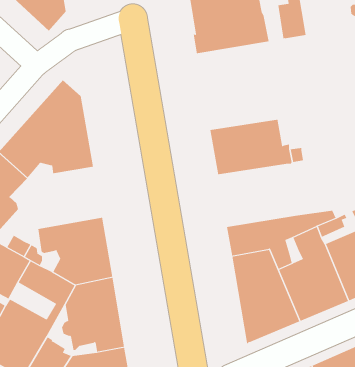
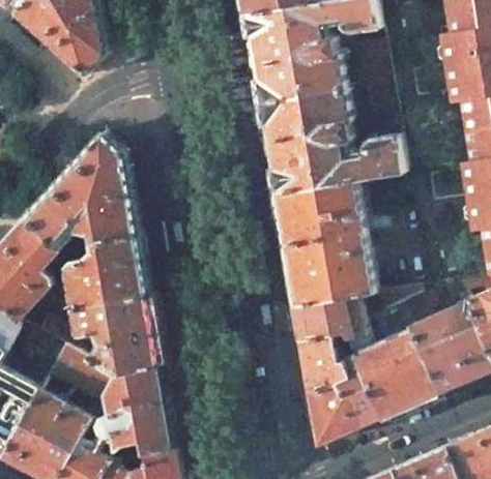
building: none -> [257,83,402,193]
building: none -> [282,234,373,307]
building: none -> [49,237,147,312]

